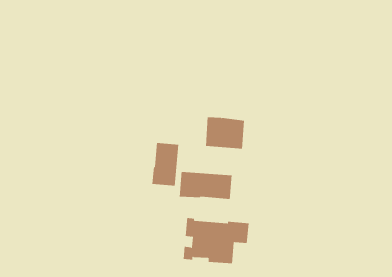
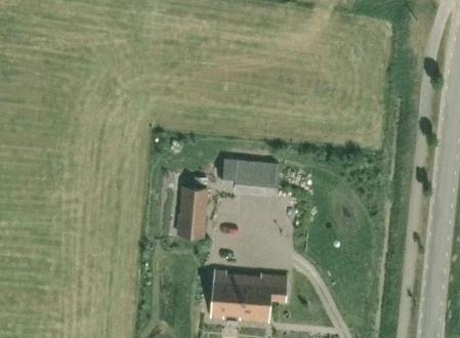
building: [179,171,232,200] -> none

